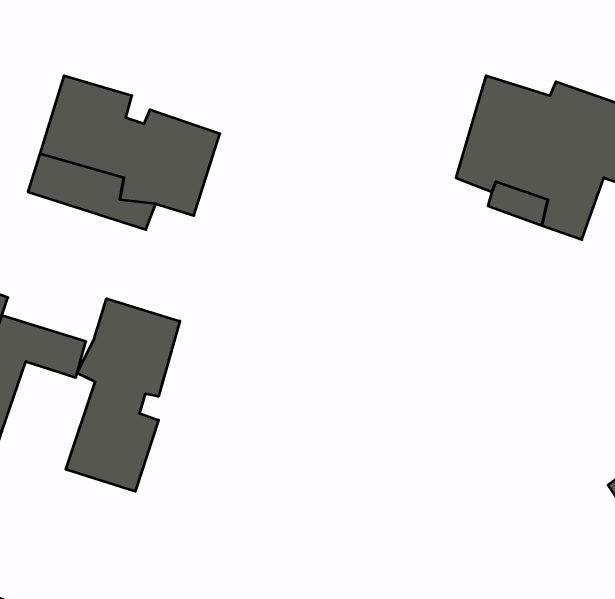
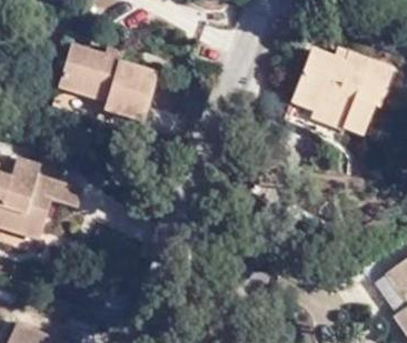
building: [66,299,180,491] -> none

